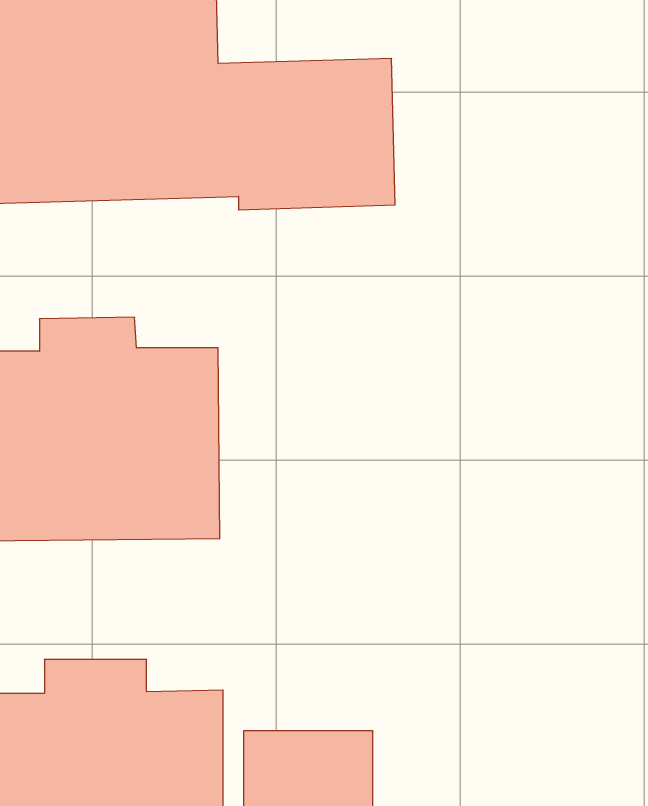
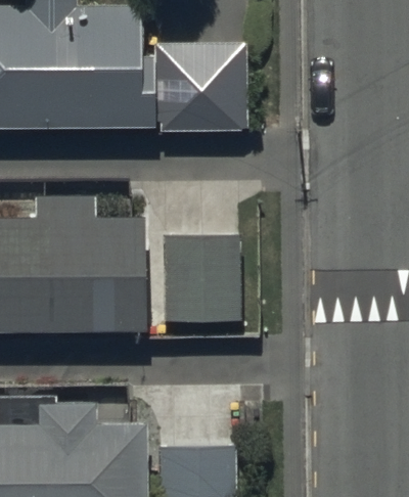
building: none -> [164,237,242,322]

